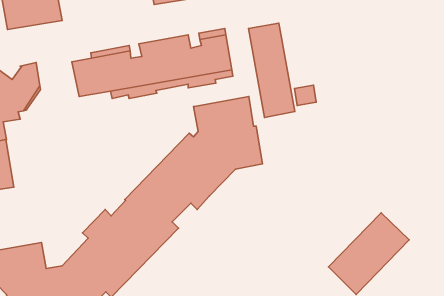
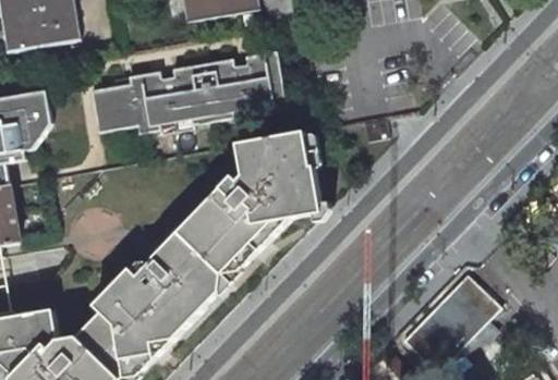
building: [249,23,295,118] -> none

